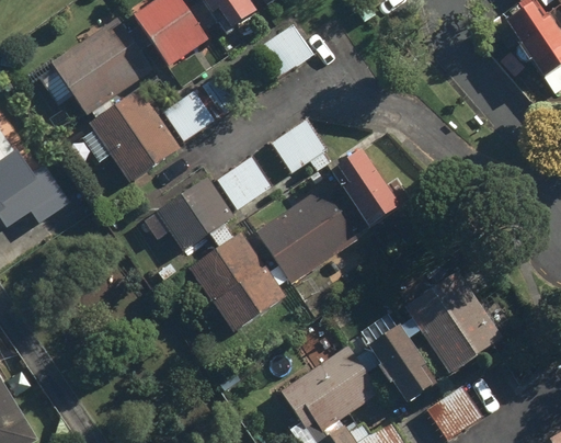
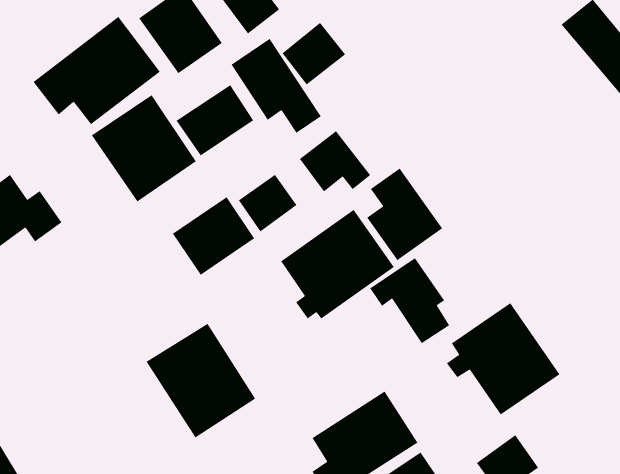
building: none -> [230,38,322,134]
building: [186,230,284,332] -> [146,323,256,439]
building: [359,326,431,402] -> [369,257,450,344]

